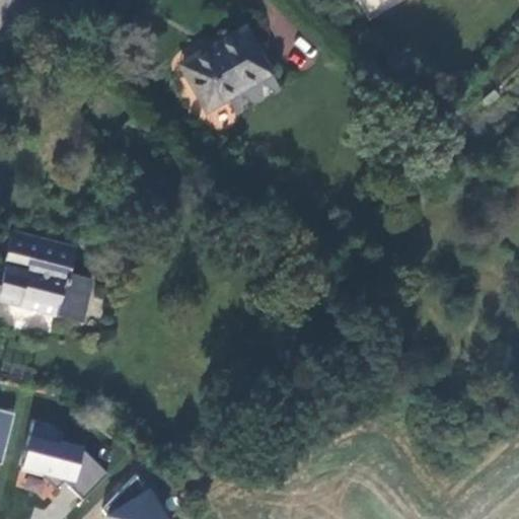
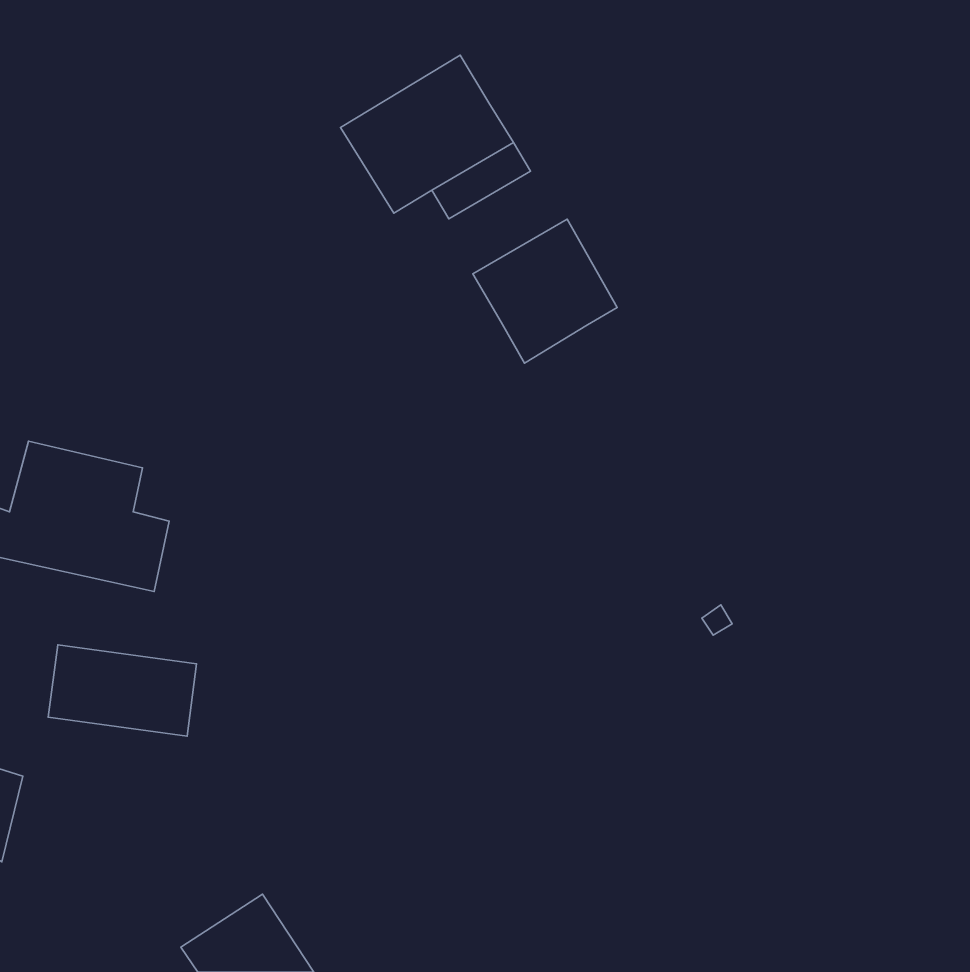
building: none -> [473,219,617,363]
building: [21,437,100,486] -> [48,645,197,736]

